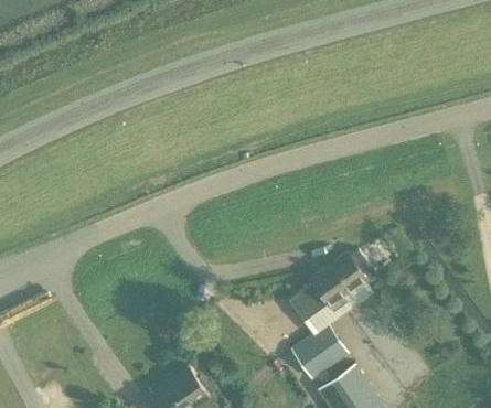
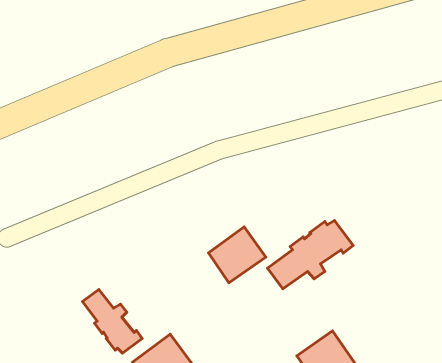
building: none -> [82,289,142,353]
building: [291,324,350,382] -> [208,227,266,283]

